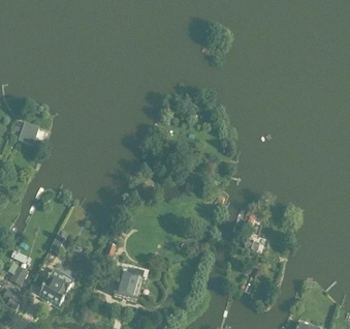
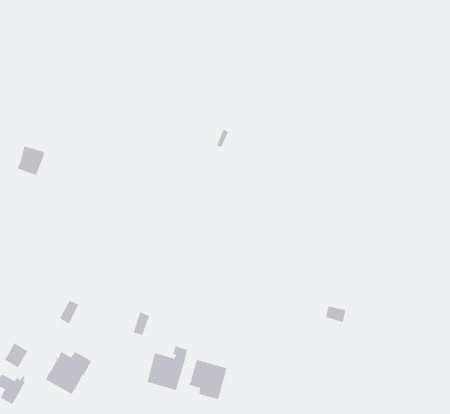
building: none -> [188,359,227,400]

